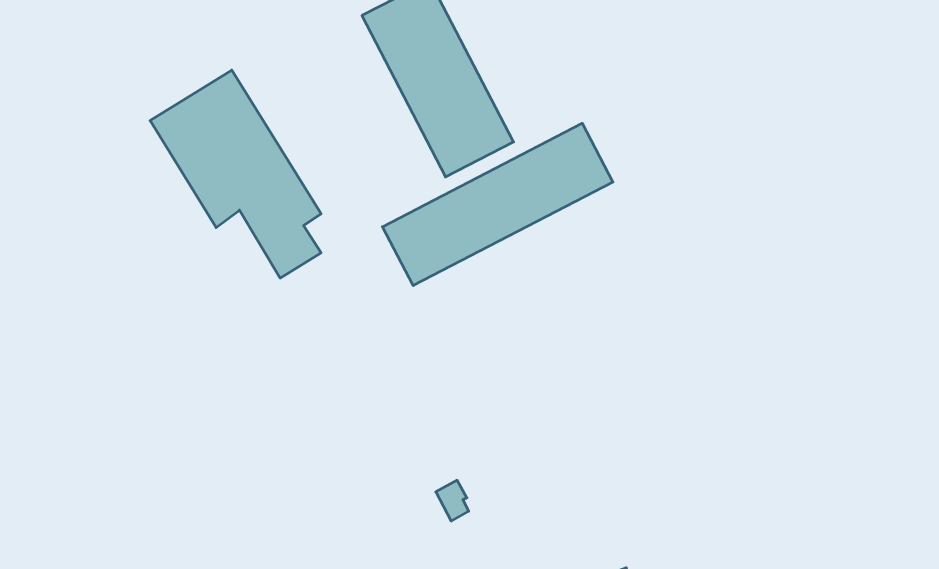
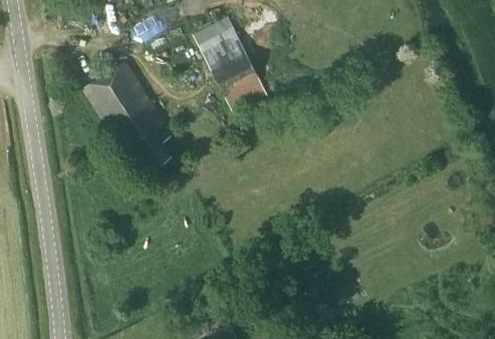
building: [382,123,613,286] -> none

